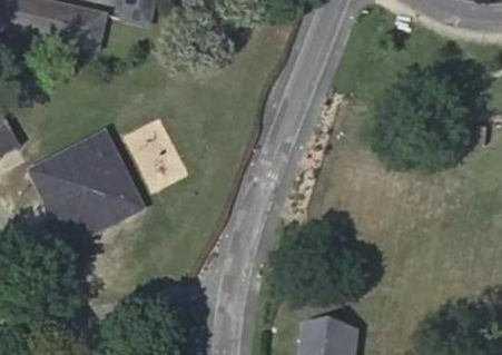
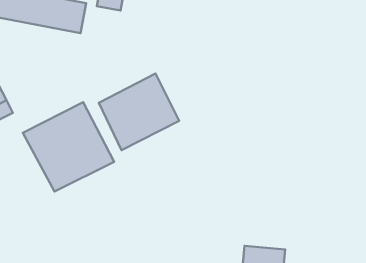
building: none -> [99,74,179,150]

